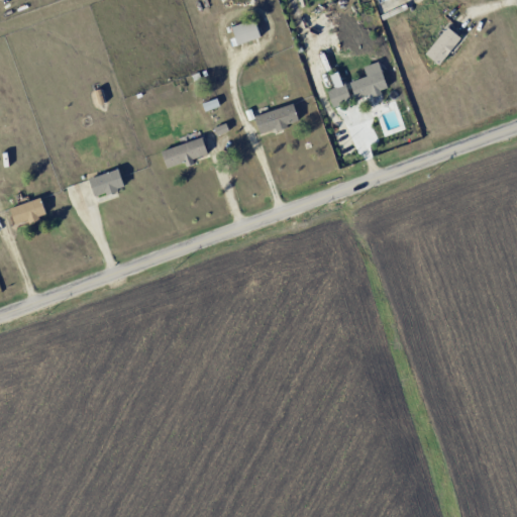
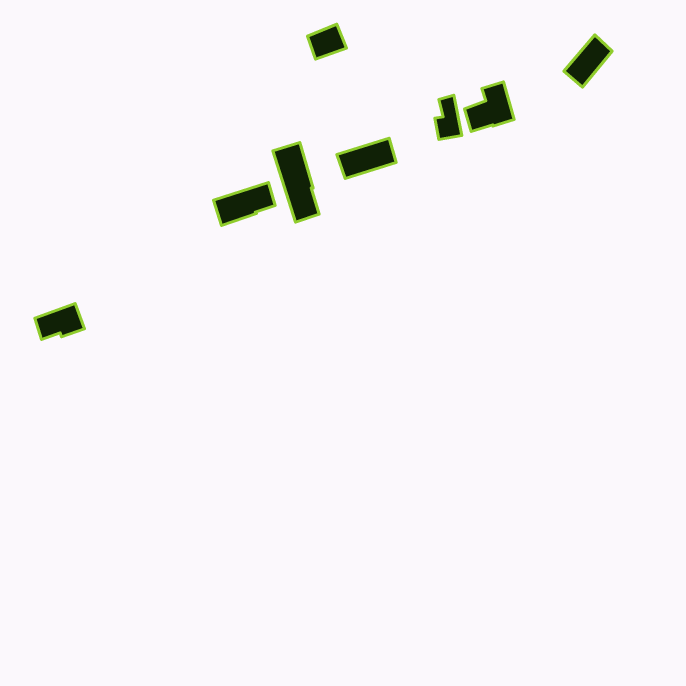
building: none -> [273,142,319,222]
building: [89,171,123,196] -> none
building: [9,197,46,224] -> [35,303,84,340]

